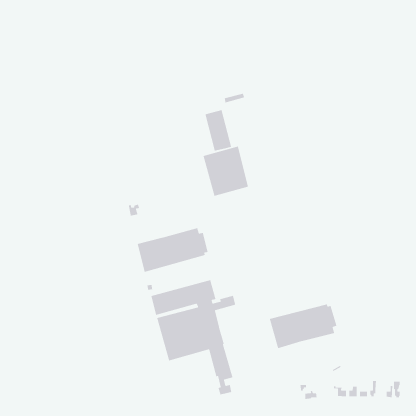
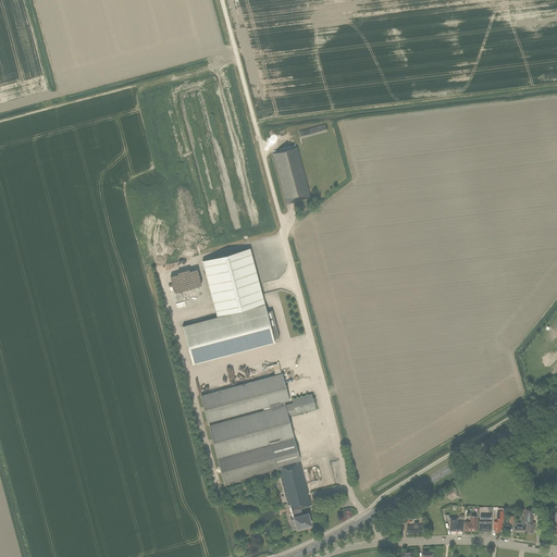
building: [203,146,249,197] -> [202,248,264,317]
building: [269,303,337,349] -> none

